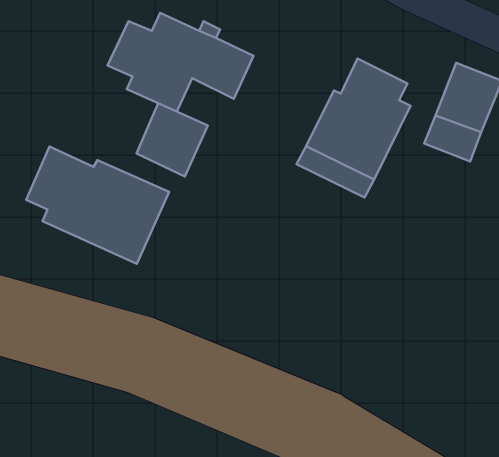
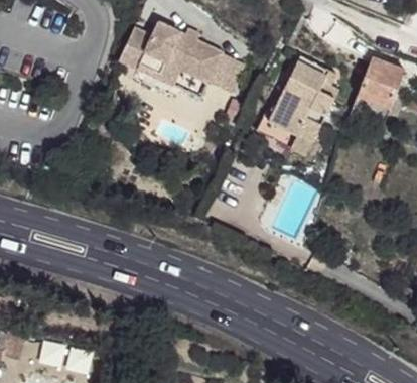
building: [136,103,208,177] -> none
building: [26,147,169,264] -> none

